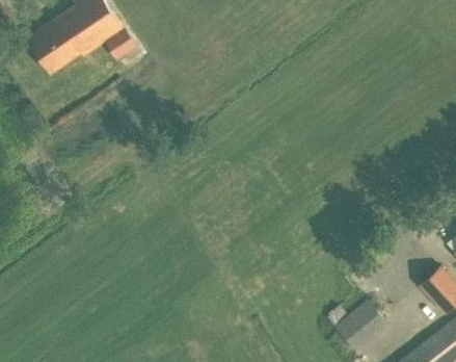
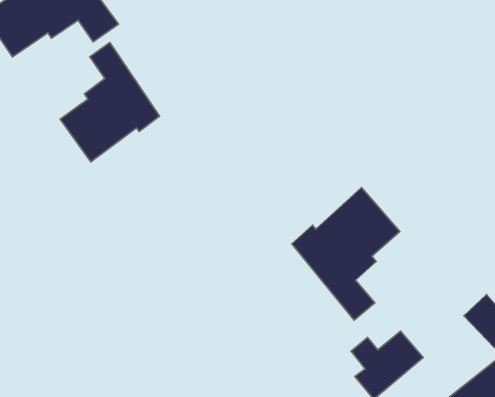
building: none -> [60,43,160,162]
building: none -> [292,187,400,320]

